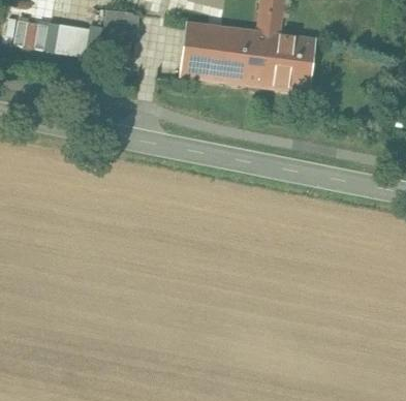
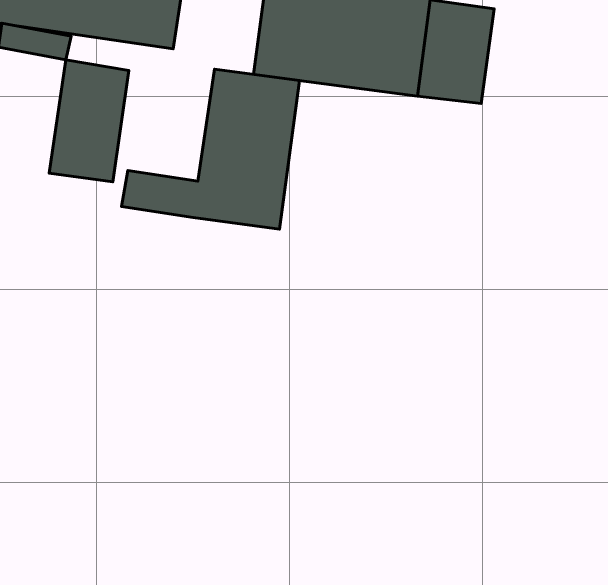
building: none -> [49,60,129,182]
building: none -> [122,69,299,229]

